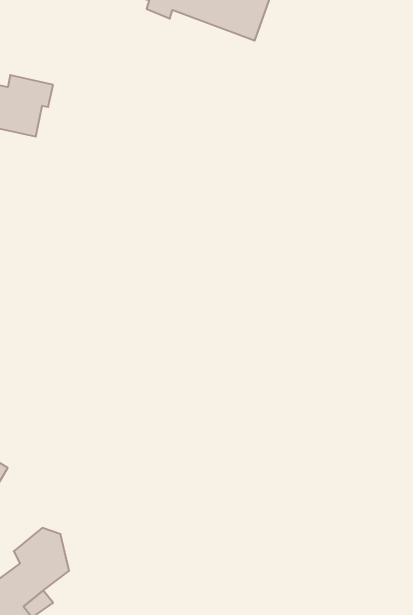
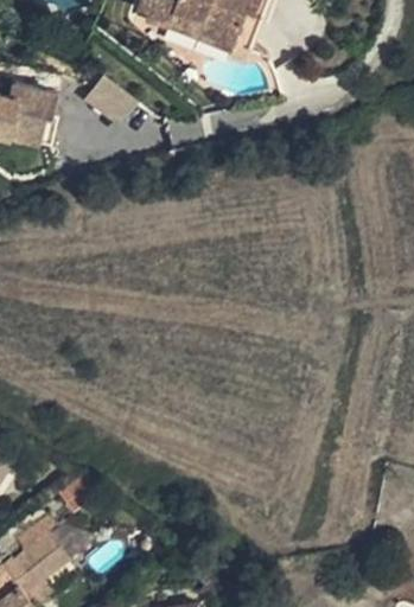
building: none -> [83,74,136,126]

